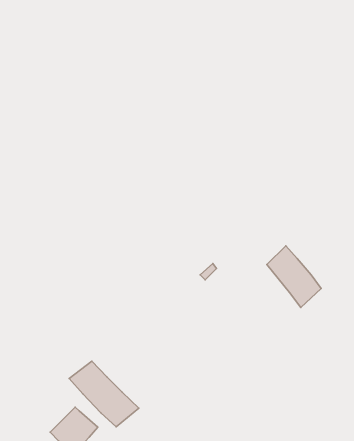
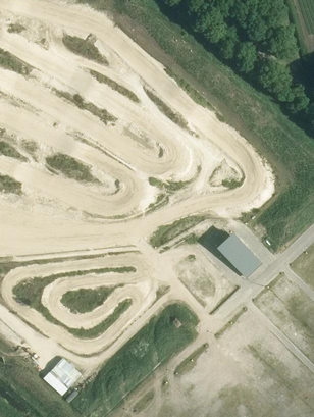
building: [69,361,139,427] -> none

